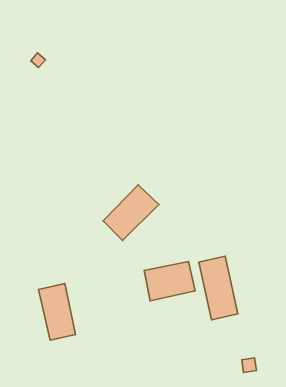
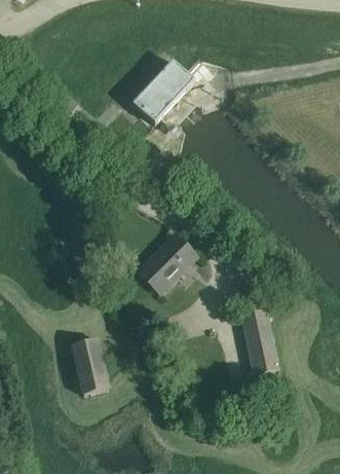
building: none -> [133,60,195,122]
building: [144,262,195,301] -> none

